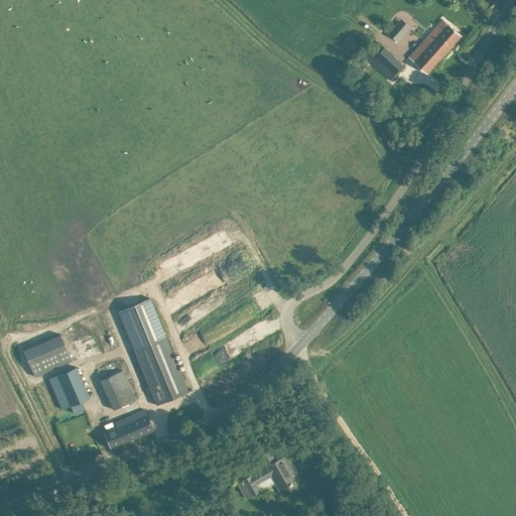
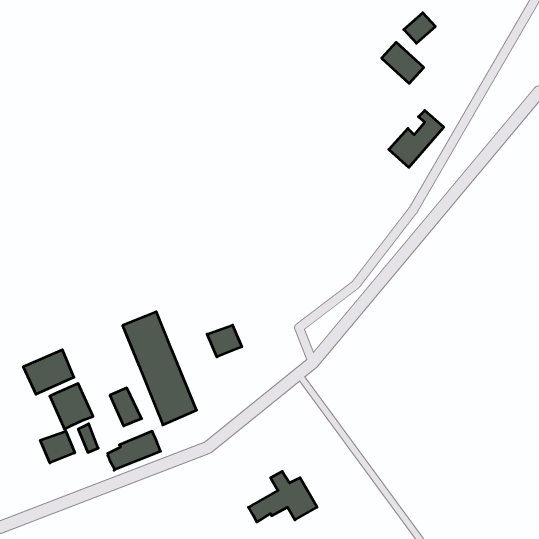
building: [408,20,461,75] -> [389,110,444,167]
building: none -> [207,325,242,357]
building: none -> [40,431,75,463]

